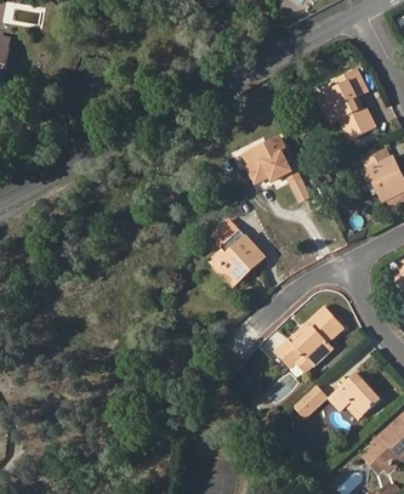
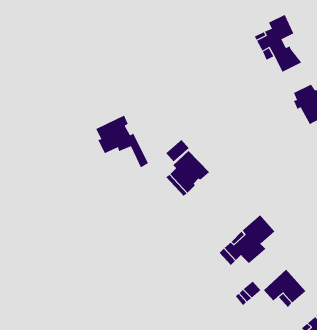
building: [243,135,307,199] -> [95,115,149,168]

